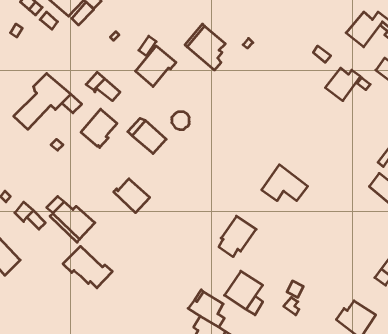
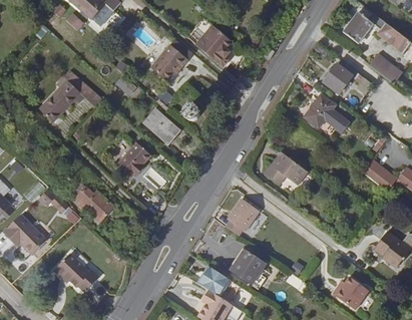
building: none -> [305,95,351,133]
building: [81,109,117,148] -> [117,141,150,177]
building: [63,246,112,288] -> [53,253,98,291]

